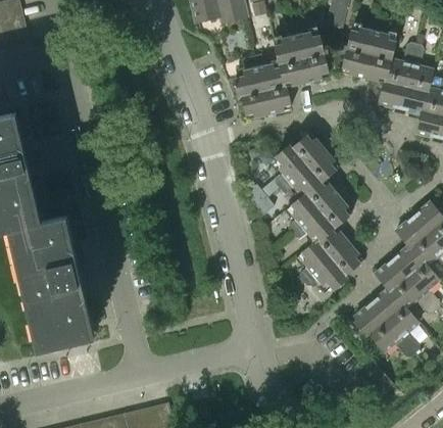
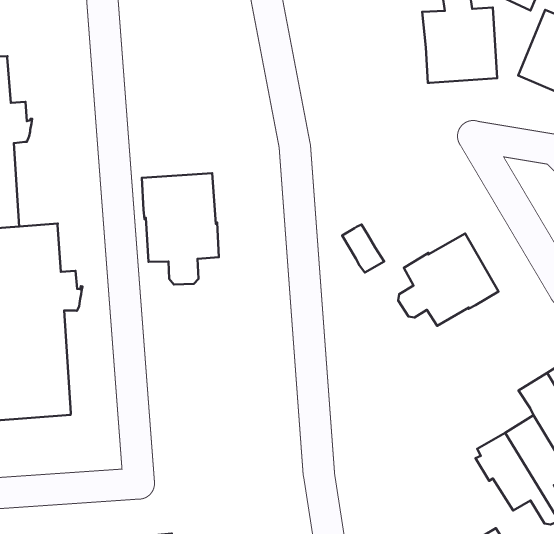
building: [233,54,290,118] -> none
building: [274,133,338,196] -> none
building: none -> [142,173,219,284]
building: [298,226,362,290] -> none

